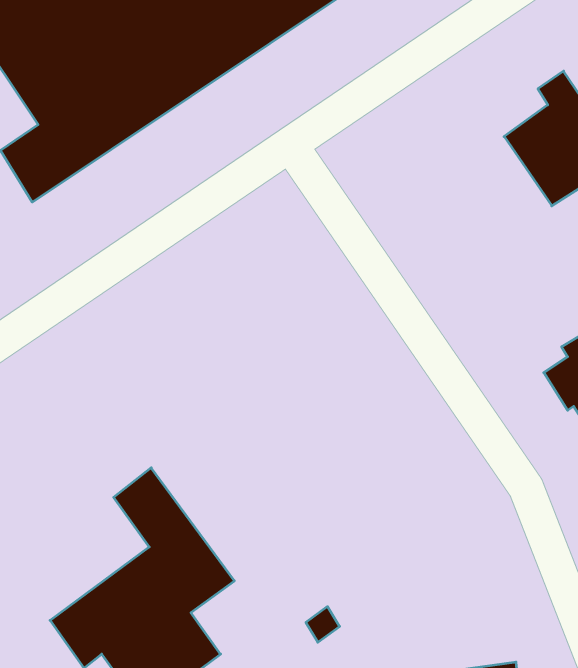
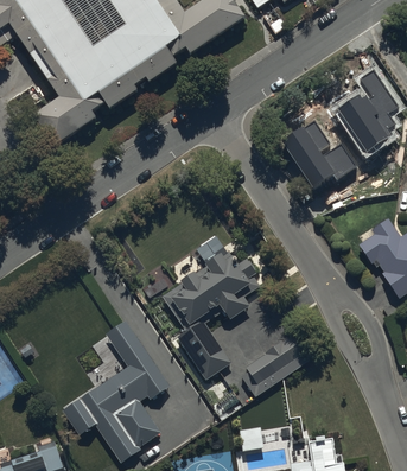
building: none -> [279,116,355,185]
building: none -> [158,236,266,367]
building: none -> [237,338,309,400]

